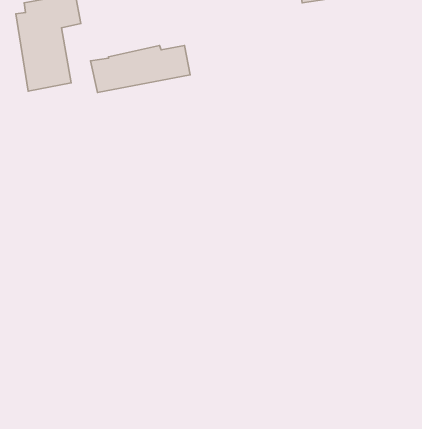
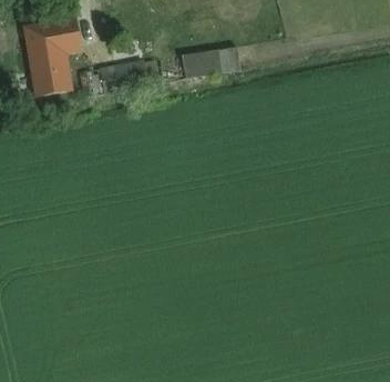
building: none -> [182,46,240,79]

